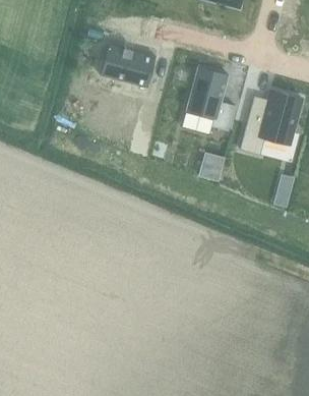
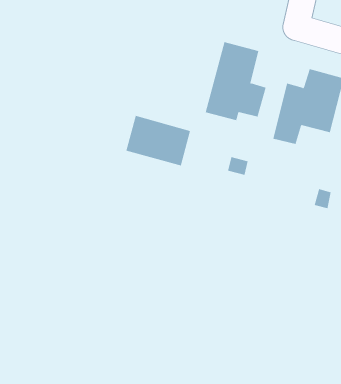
building: [100,43,156,87] -> [126,115,191,166]

